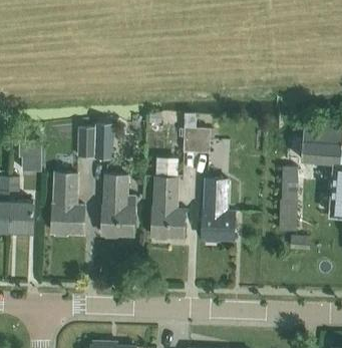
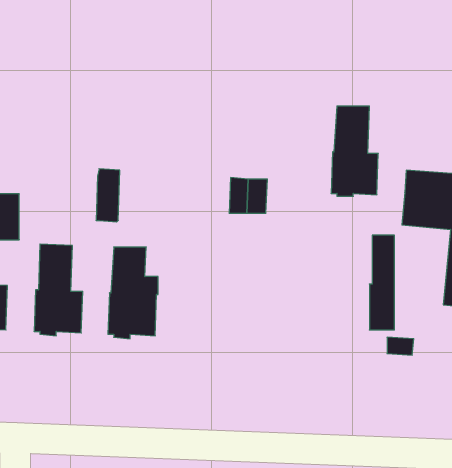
building: [77,126,94,157] -> none
building: [151,178,185,240] -> none
building: [202,180,234,241] -> [331,106,378,196]

